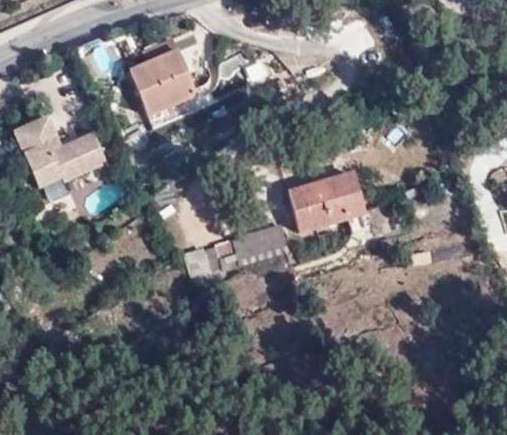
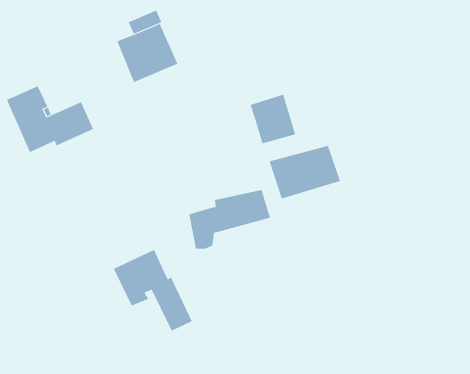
building: none -> [250,94,296,144]
building: none -> [113,249,193,332]

